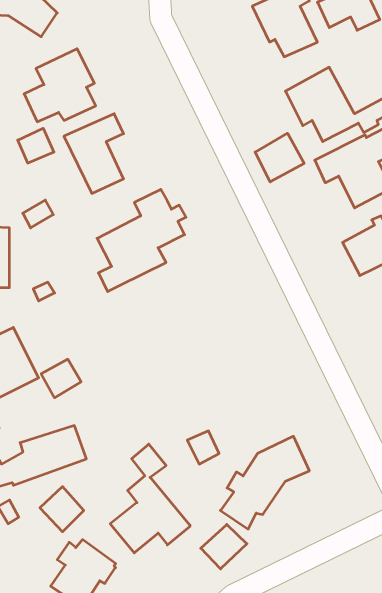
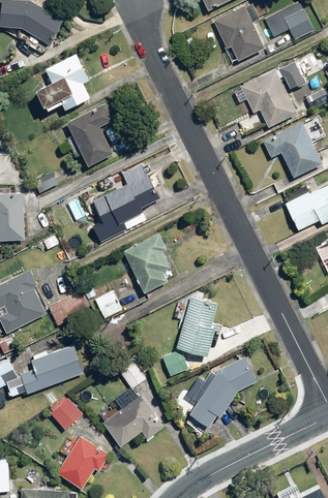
building: none -> [278,60,305,88]
building: [18,128,54,163] -> none
building: [255,133,304,182] -> none
building: none -> [124,234,172,293]
building: none -> [94,290,122,319]
building: none -> [177,294,217,355]
building: [201,524,247,569] -> none

